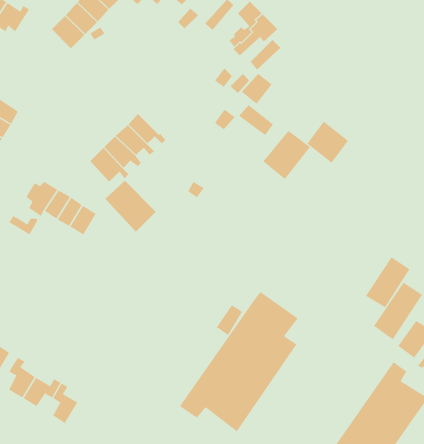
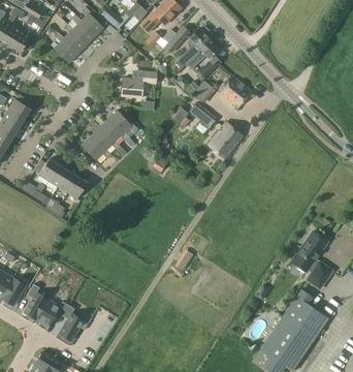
building: none -> [121,71,157,98]
building: [306,121,349,164] -> [220,76,251,107]
building: [104,180,157,232] -> none
building: [365,256,410,308] -> none
building: [179,291,298,432] -> none

